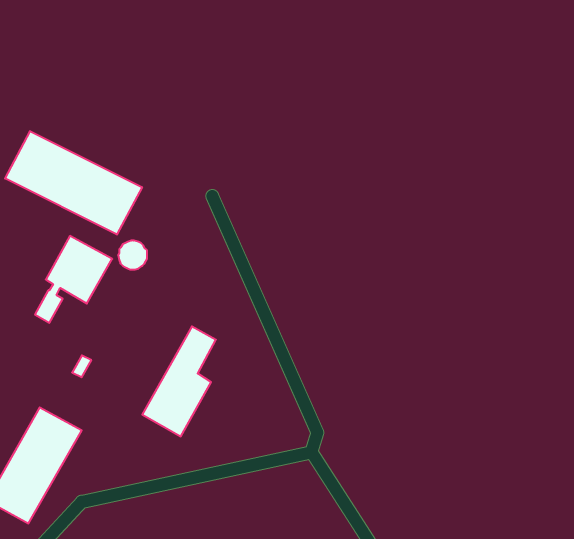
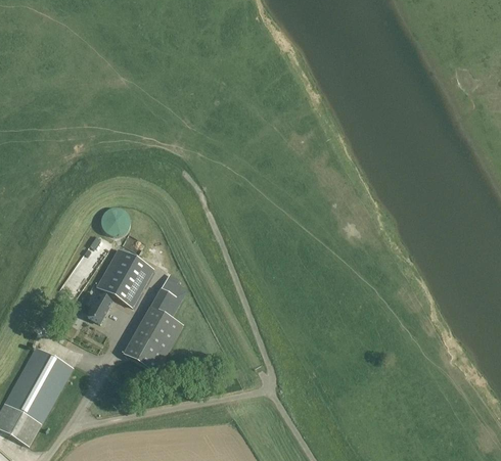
building: [5,131,142,235] -> none
building: [35,236,112,323] -> [88,248,153,322]

